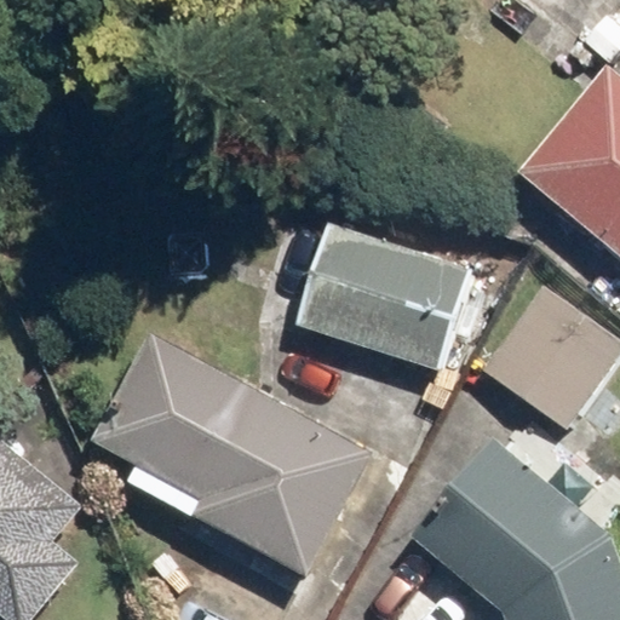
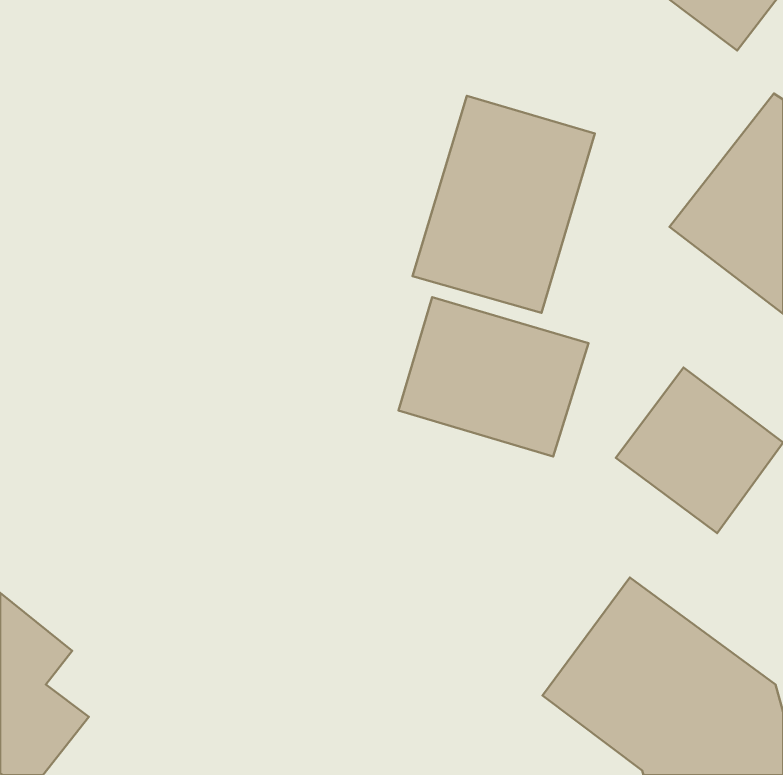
building: none -> [413,96,595,313]
building: [105,352,360,549] -> none

